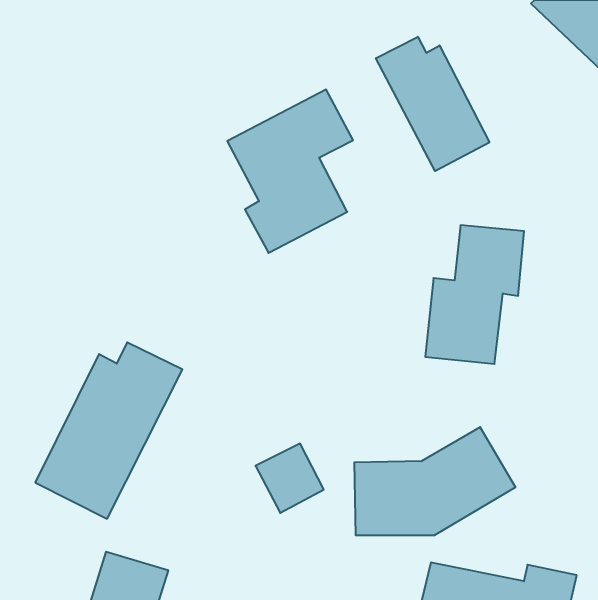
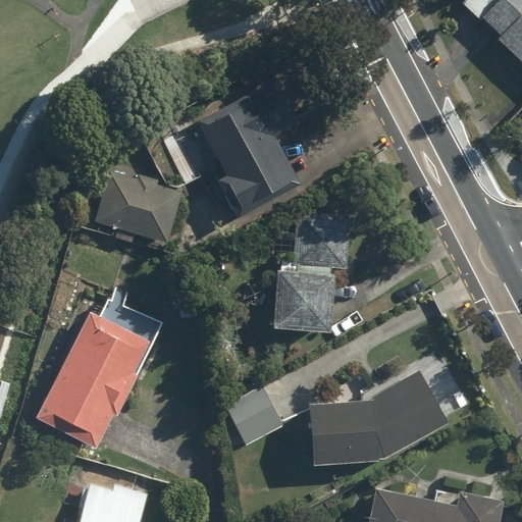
building: [376,37,489,171] -> none
building: none -> [96,169,184,242]
building: [425,225,524,364] -> [269,212,355,332]

